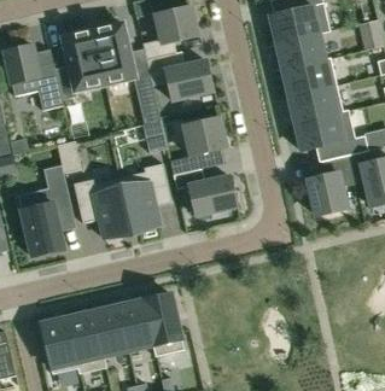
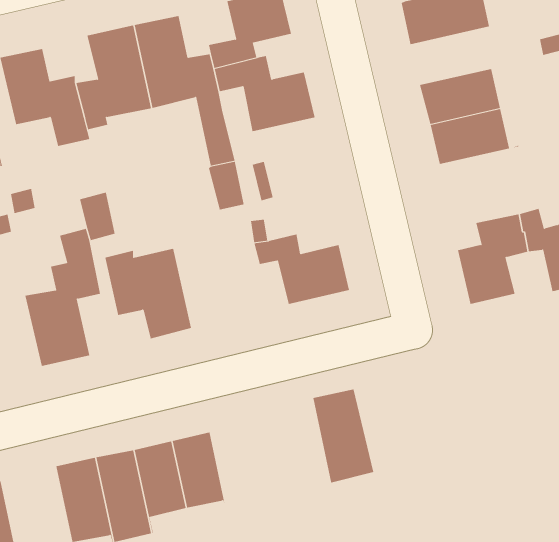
building: [276,30,331,69] -> none
building: [296,110,368,161] -> none
building: [183,117,226,154] -> none
building: [119,163,171,230] -> none
building: [144,293,185,356] -> [312,389,374,483]

